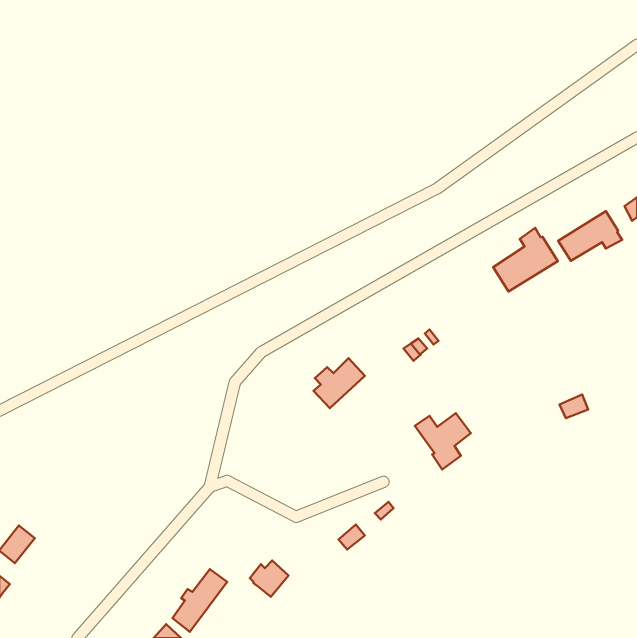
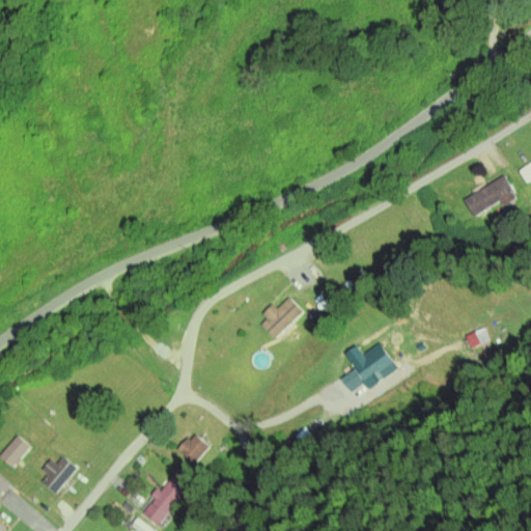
building: [493,228,558,292] -> none
building: none -> [40,457,77,495]
building: [250,561,288,597] -> [177,435,209,465]

